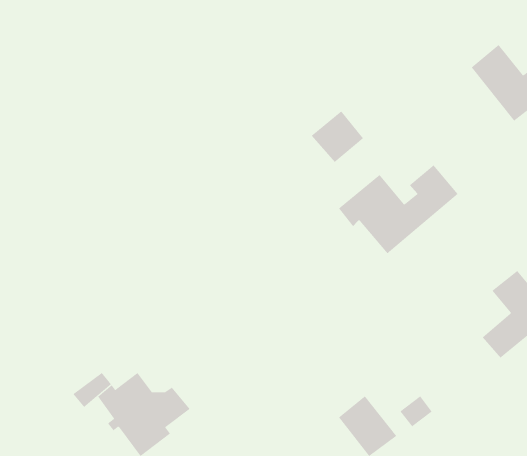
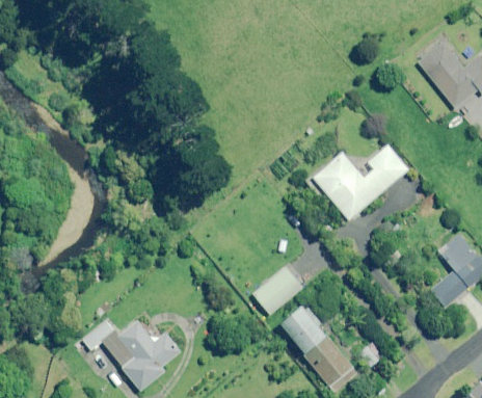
building: [311,110,364,163] -> none
building: none -> [252,266,302,314]
building: none -> [280,307,326,353]

